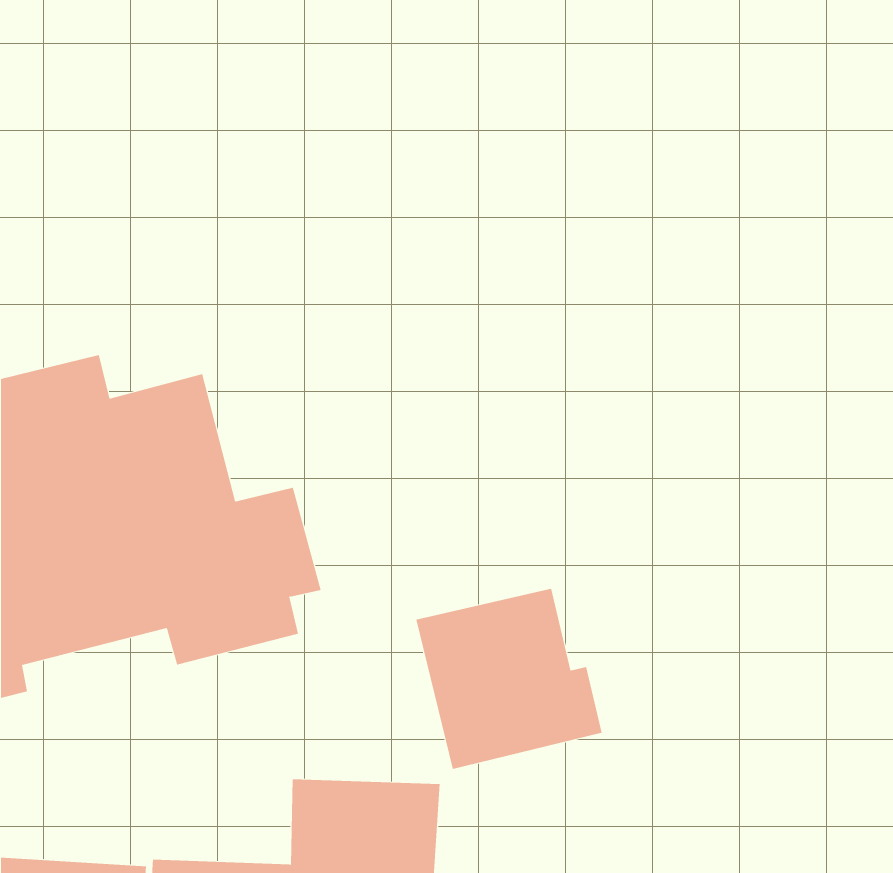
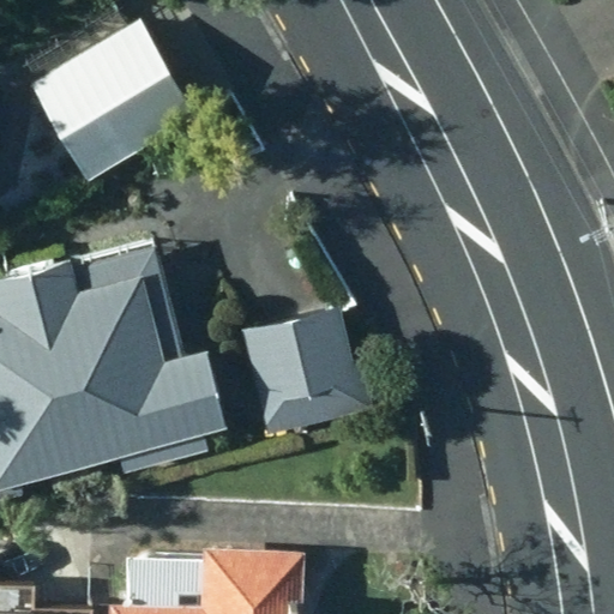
building: none -> [35,26,188,173]
building: [416,588,603,770] -> [241,311,369,435]

